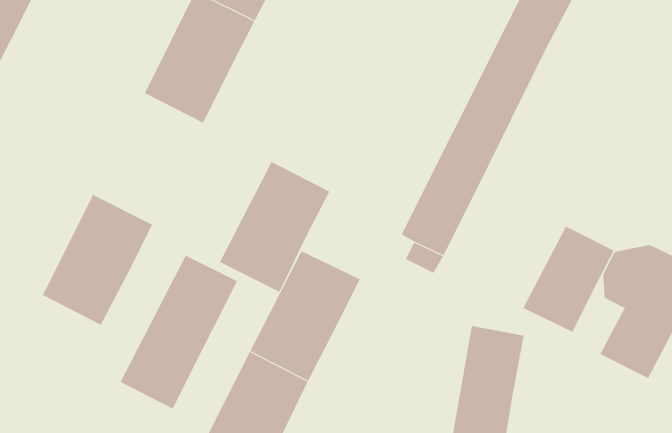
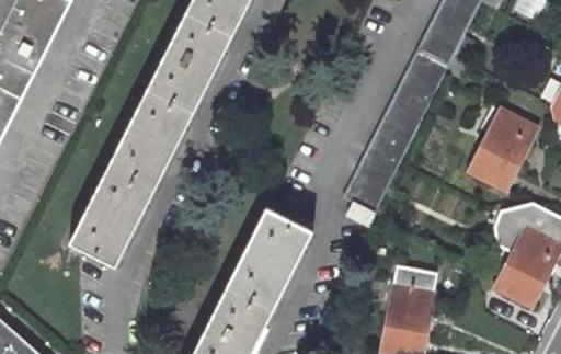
building: [219,161,330,292] -> [108,89,193,189]
building: [522,226,615,333] -> [468,109,538,190]
building: [120,255,238,410] -> none

